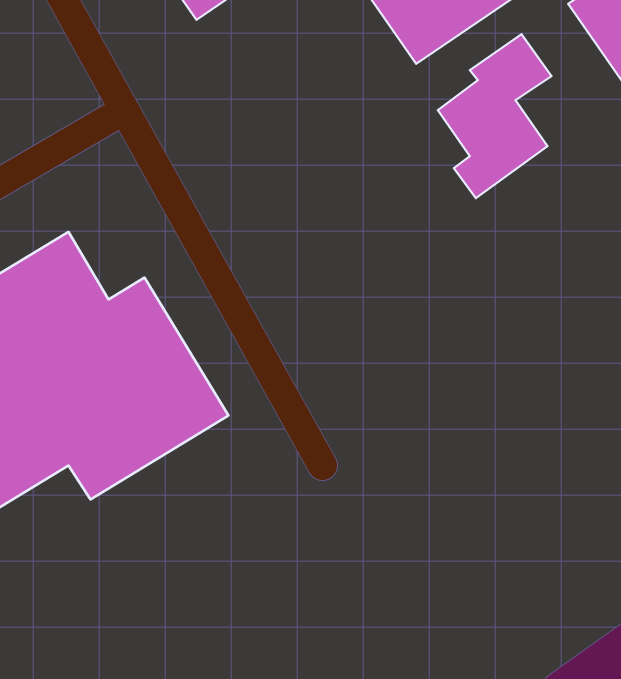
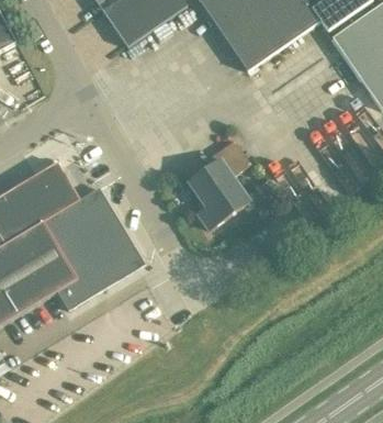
building: [438,34,552,198] -> [188,140,250,230]

